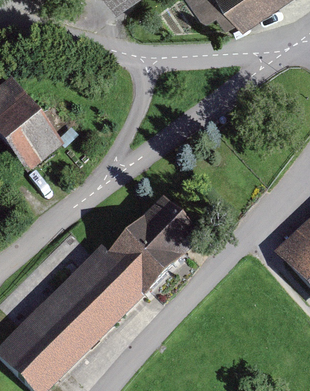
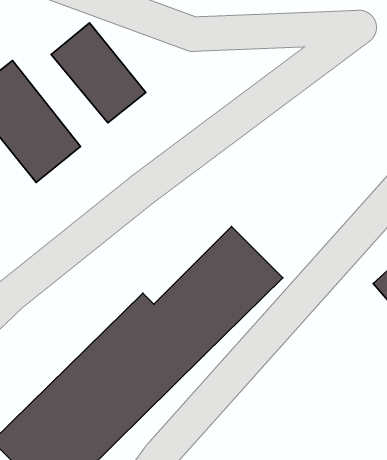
building: none -> [51,23,146,123]

